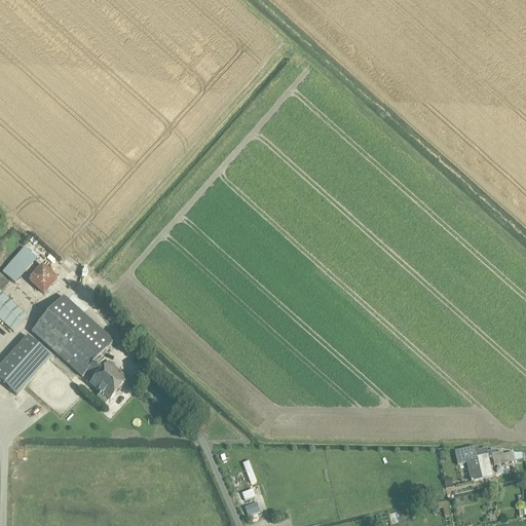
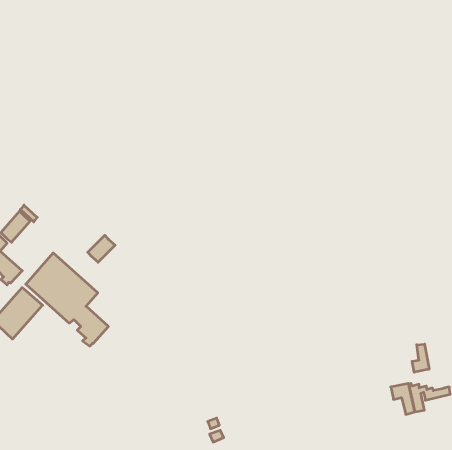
building: [25,261,57,292] -> none
building: none -> [88,235,115,262]
building: none -> [412,344,429,372]

